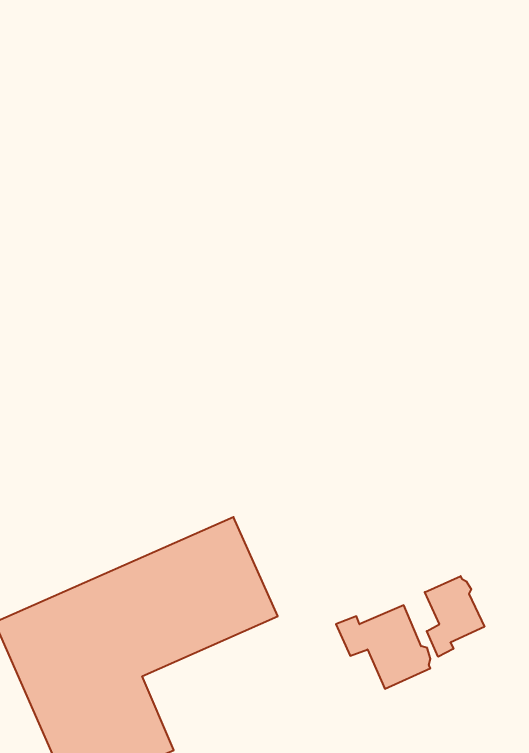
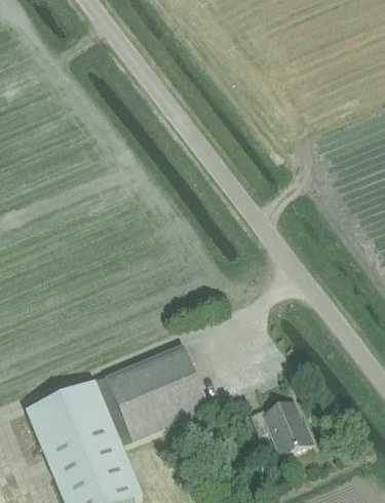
building: [425,576,484,657] -> none

